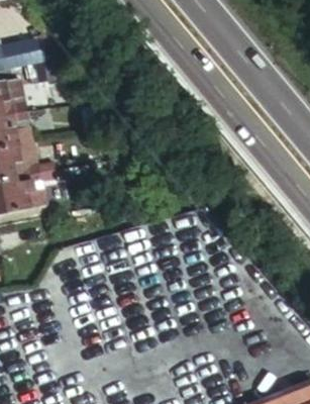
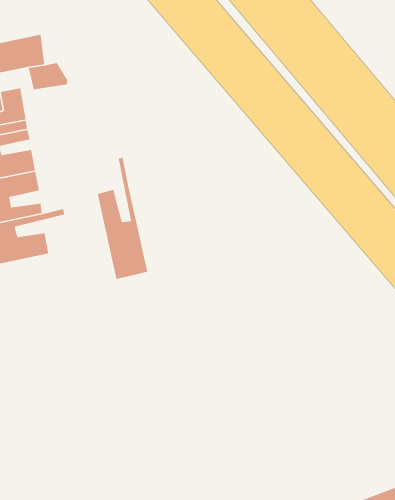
building: none -> [97,157,148,280]

